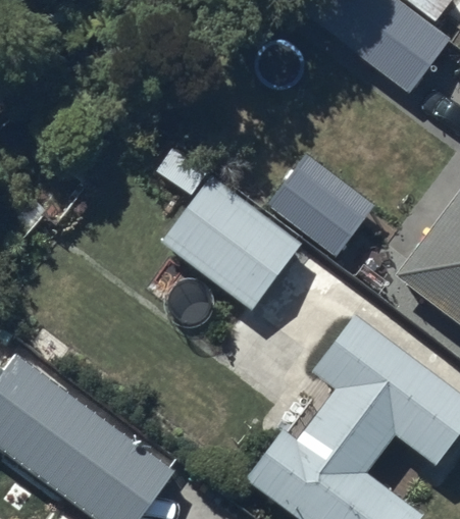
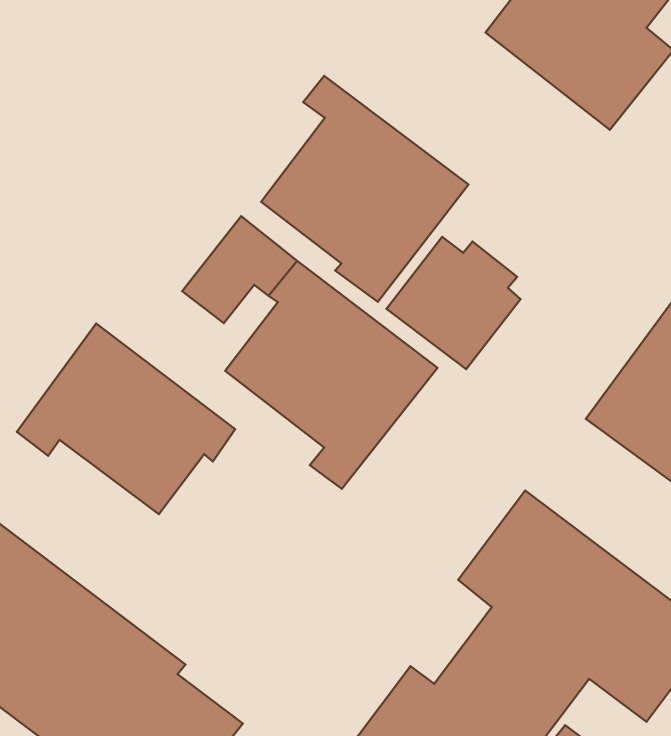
building: none -> [261,76,469,302]
building: none -> [17,323,235,514]

